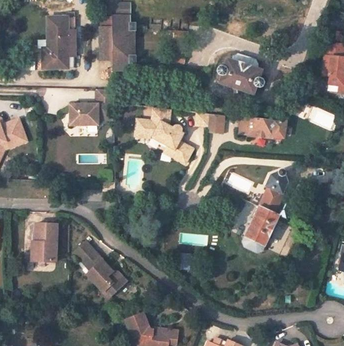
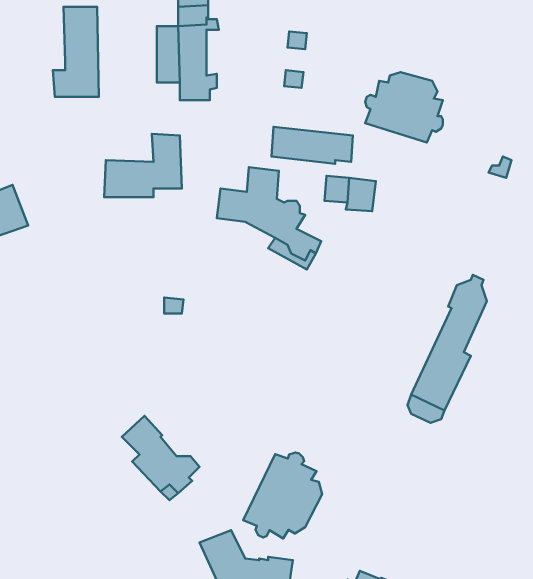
building: [239,117,285,138] -> [272,127,353,164]
building: [34,223,57,261] -> none
building: none -> [243,452,322,538]

